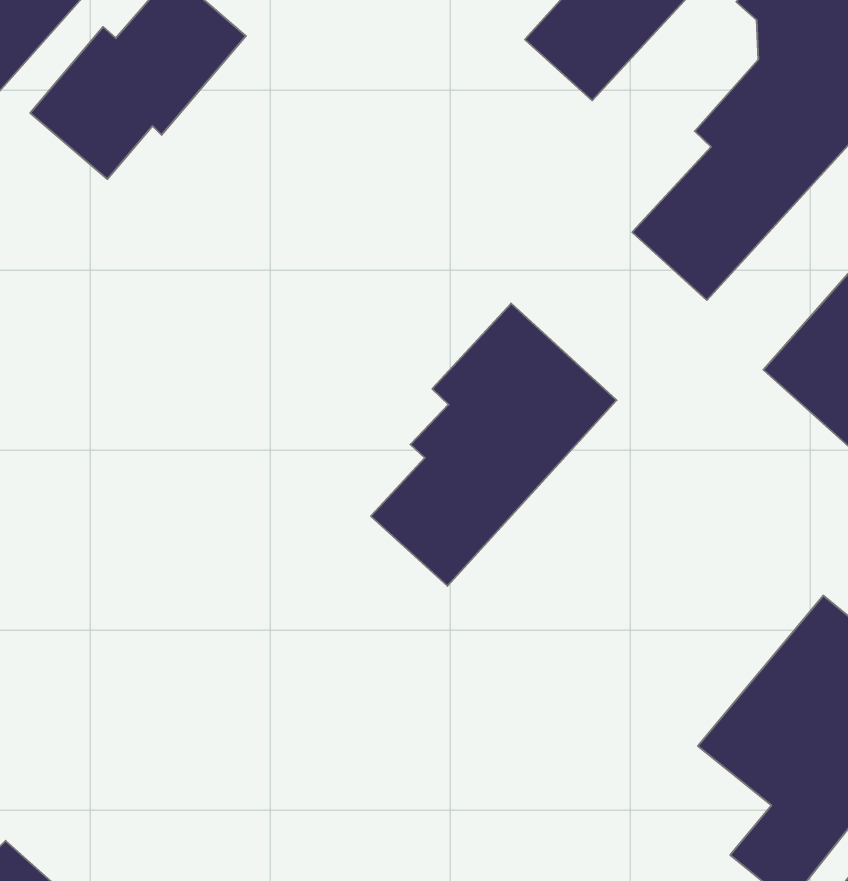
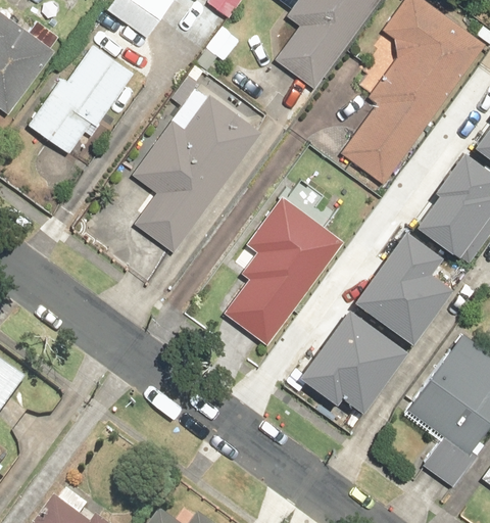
building: none -> [133,95,262,254]
building: none -> [357,226,454,333]
building: none -> [301,303,405,401]

